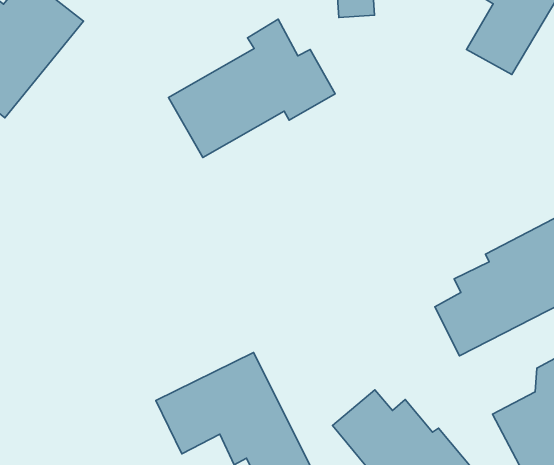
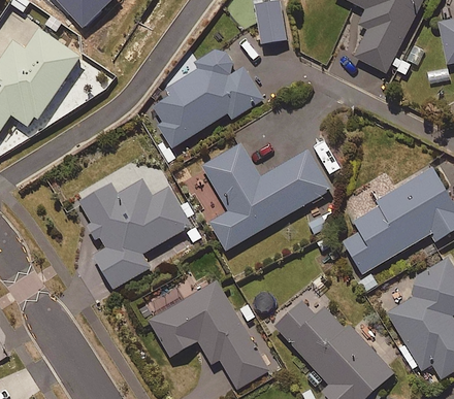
building: none -> [202,143,330,248]
building: none -> [76,179,190,288]

